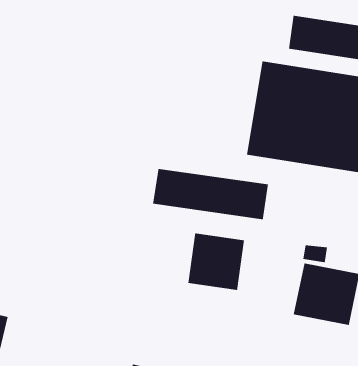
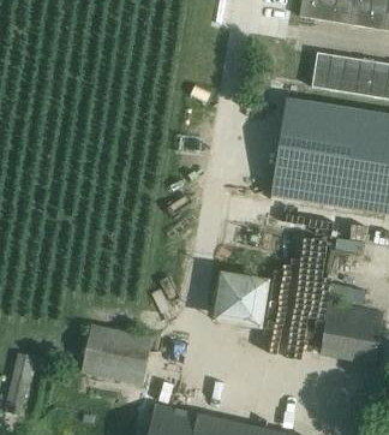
building: [153,168,269,220] -> none
building: none -> [80,327,152,386]

